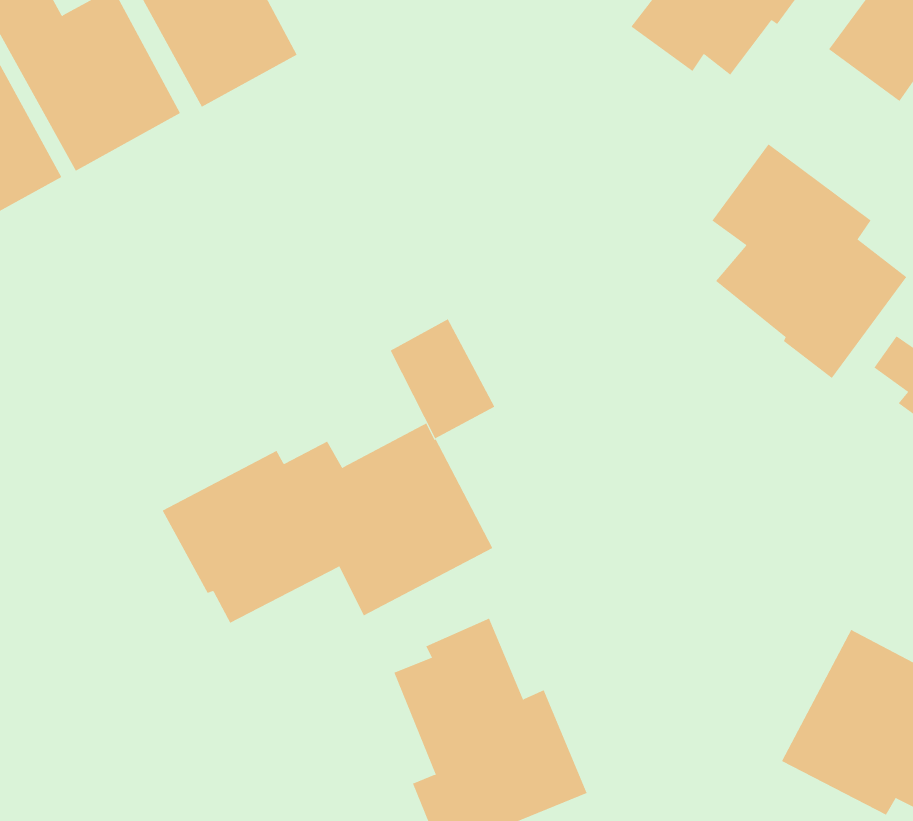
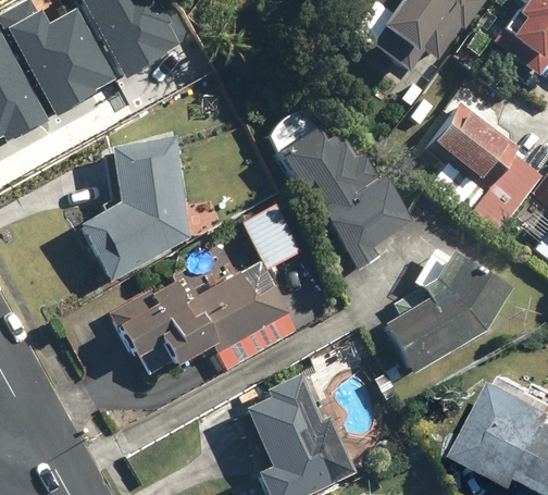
building: none -> [274,131,408,269]
building: none -> [76,134,196,283]
building: none -> [378,249,511,374]

